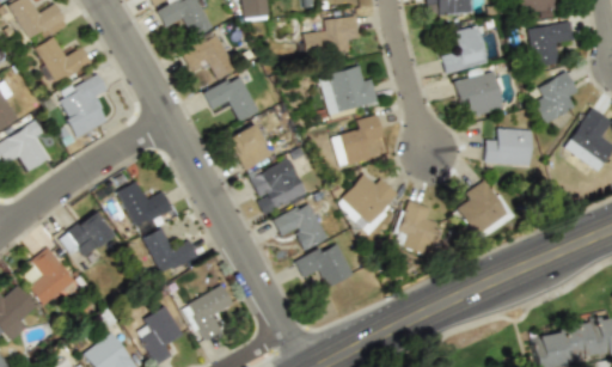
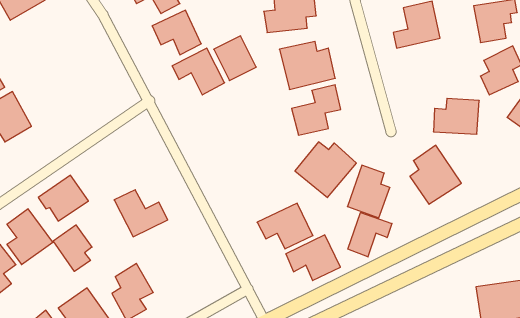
building: [32,38,94,87] -> none
building: [453,67,504,117] -> none
building: [59,71,110,137] -> none
building: [228,123,274,171] -> [214,36,256,81]
building: [246,158,307,216] -> none
building: [117,178,173,230] -> none
building: [273,202,331,251] -> [286,235,340,281]
building: none -> [348,212,392,257]
building: none -> [53,225,92,271]
building: [183,285,235,341] -> none

